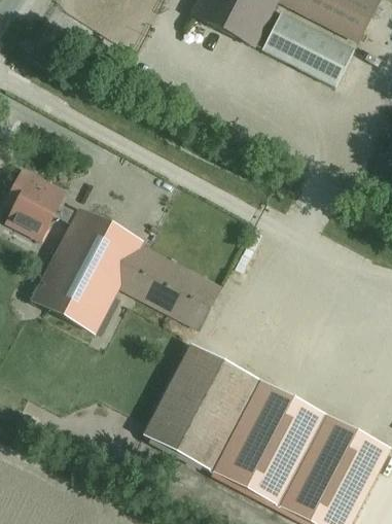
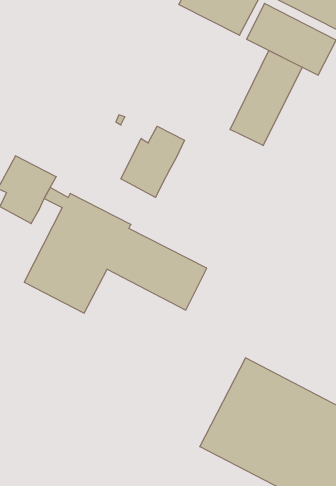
building: none -> [230,50,302,146]
building: none -> [121,126,185,197]
building: [143,343,257,468] -> none

